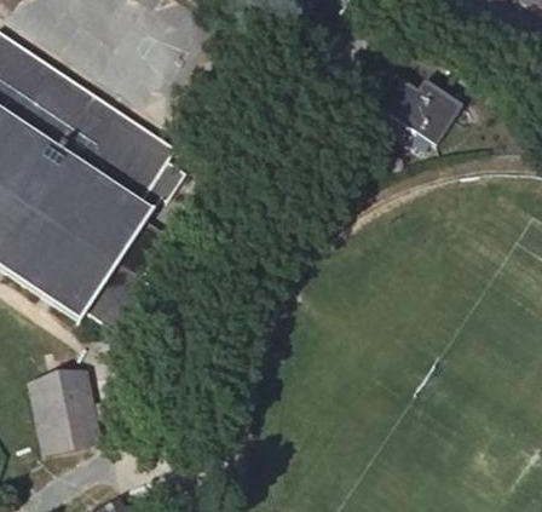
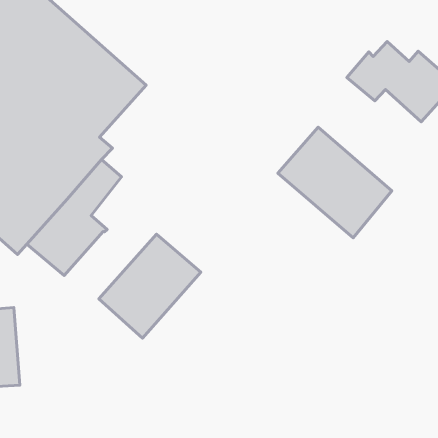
building: none -> [278,127,392,238]
building: none -> [99,234,201,338]

